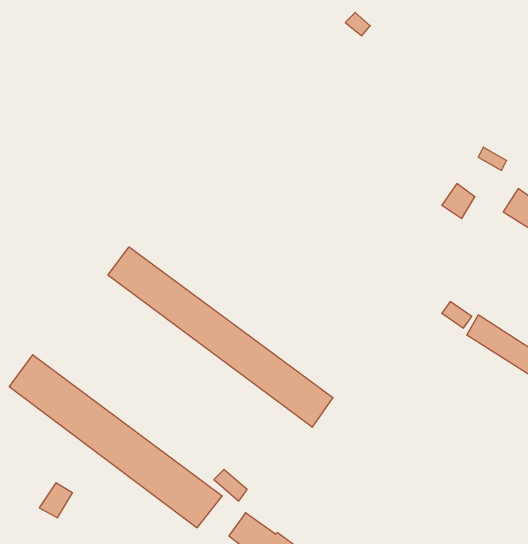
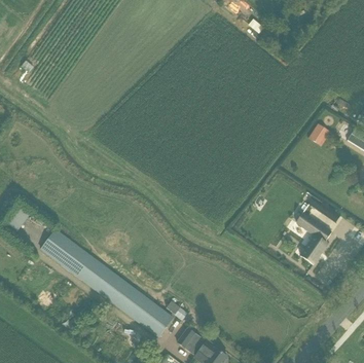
building: [108,247,333,427] -> none
building: none -> [295,212,331,264]

